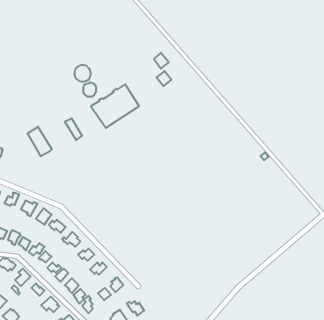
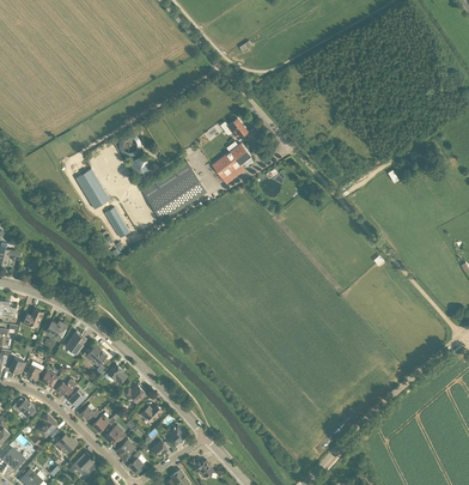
building: none -> [212,150,244,182]
building: [27,127,52,156] -> [75,168,109,208]

